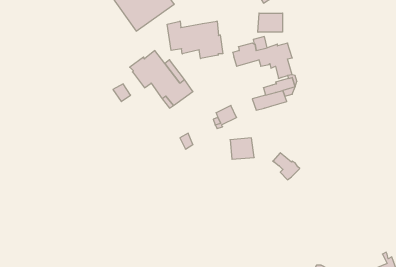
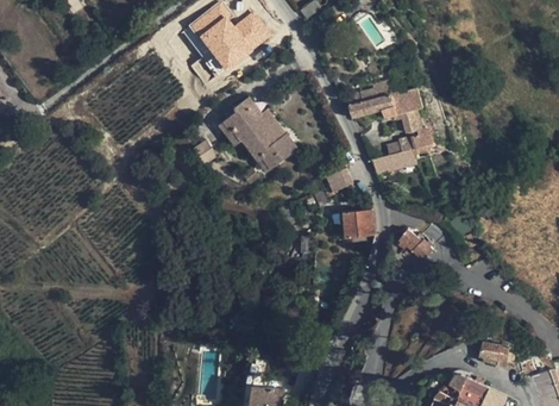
building: [258,13,283,32] -> none
building: [167,21,223,59] -> none
building: none -> [478,341,510,367]

